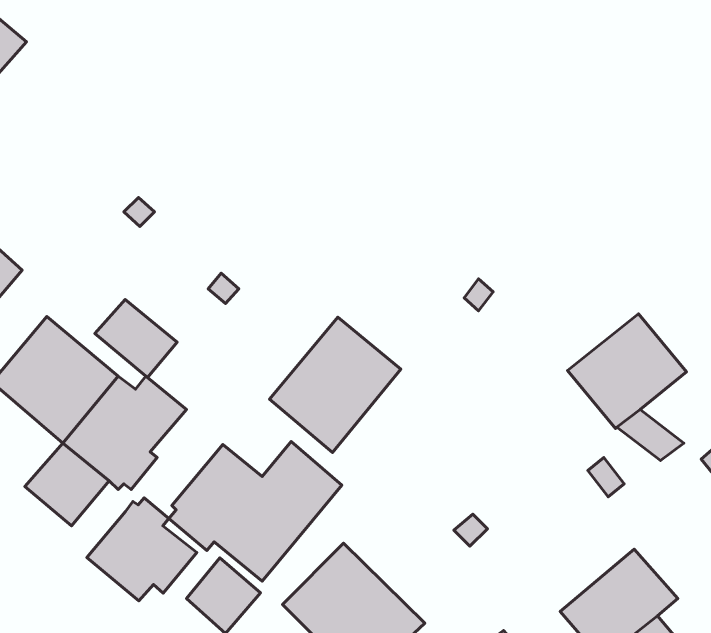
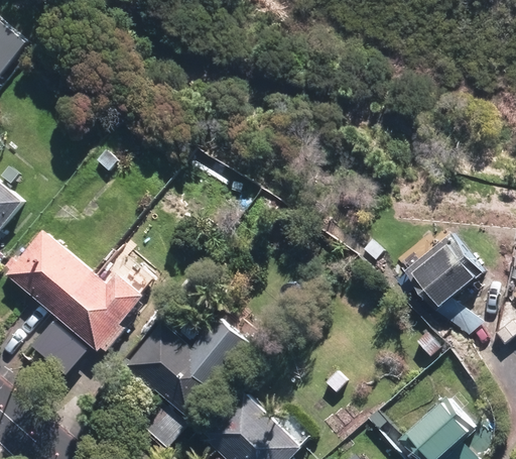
building: [95,299,177,378] -> none
building: [270,317,401,453] -> none
building: [87,498,197,601] -> none

